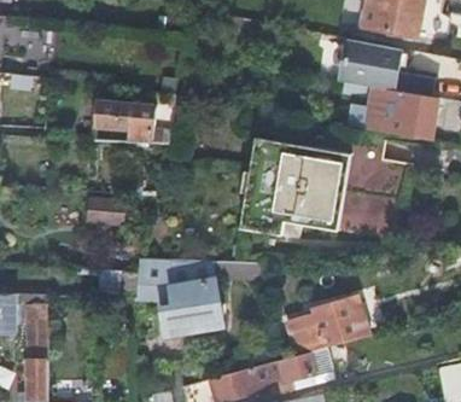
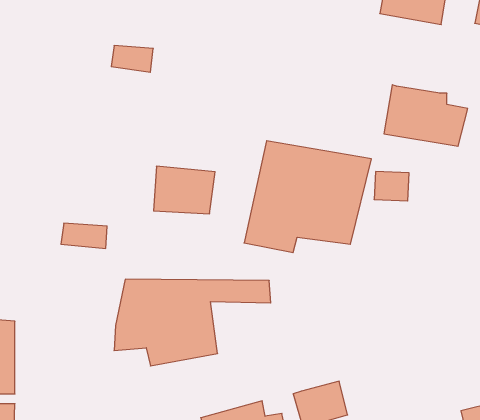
building: [323,37,420,94] -> none
building: [100,104,153,145] -> [154,166,215,214]
building: [288,291,369,351] -> none

